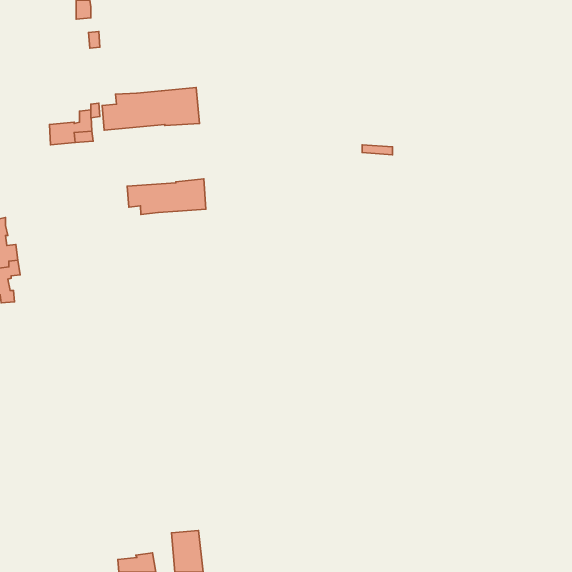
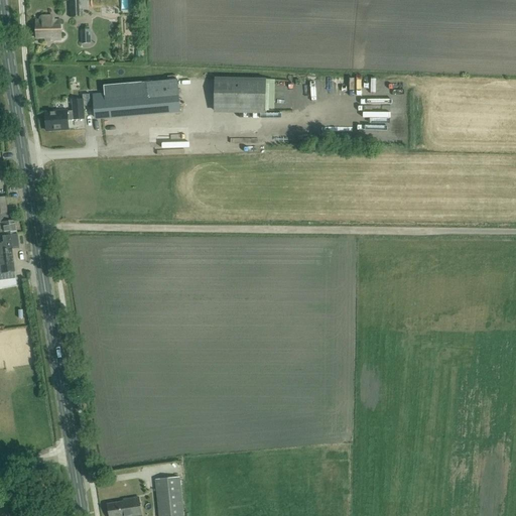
building: none -> [34,16,60,39]
building: none -> [213,77,265,110]
building: [127,179,206,214] -> none

